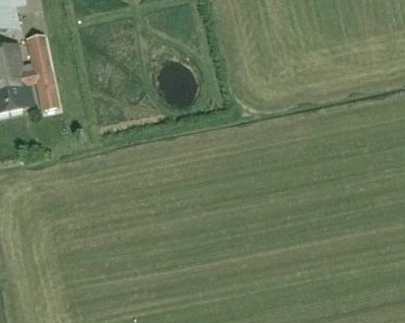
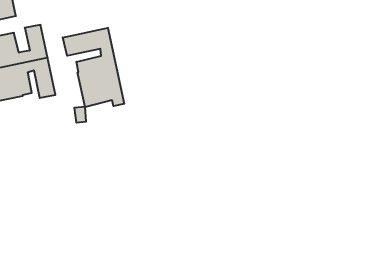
building: none -> [63,28,124,107]

